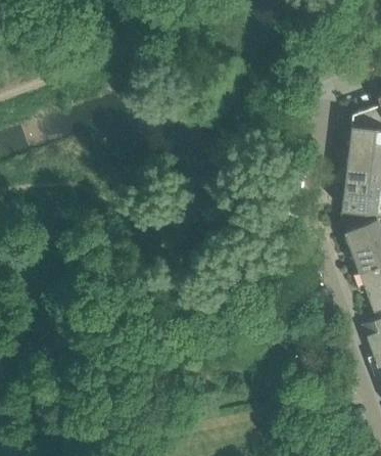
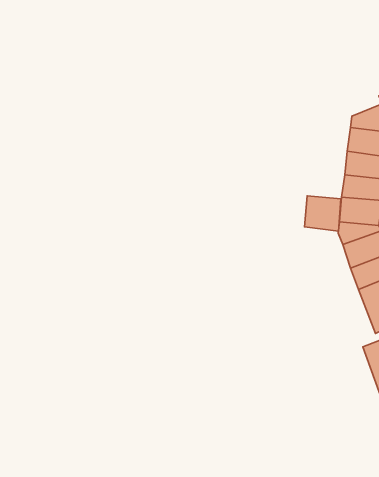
building: none -> [305,196,341,231]

